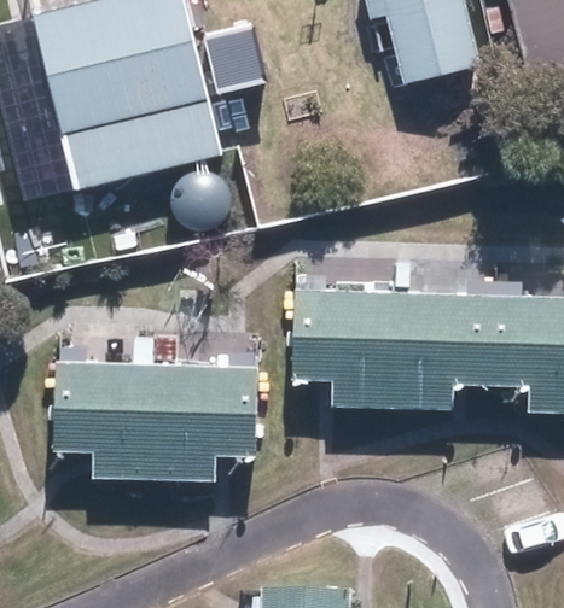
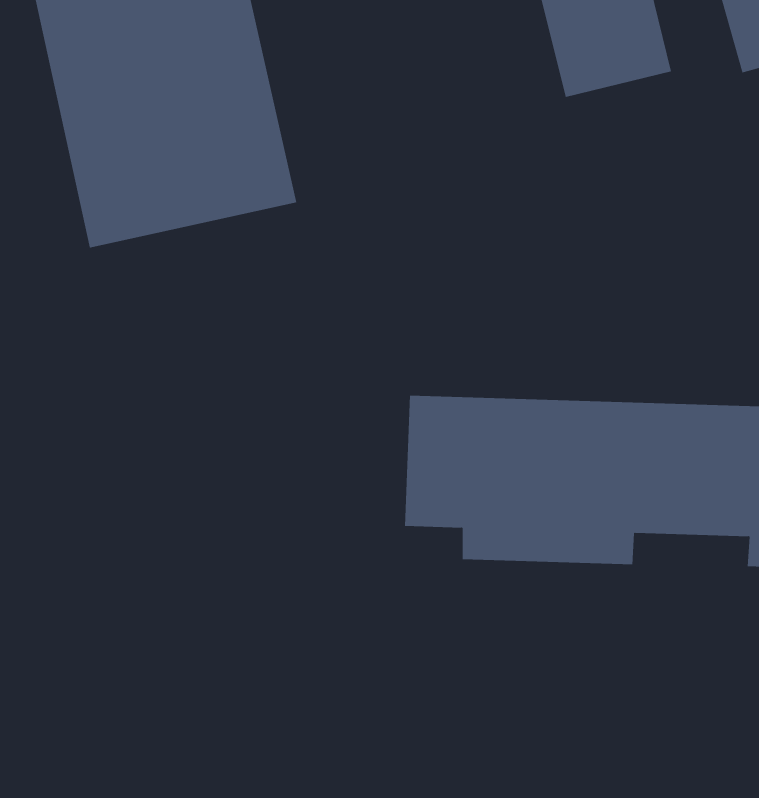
building: [57,362,250,478] -> none

